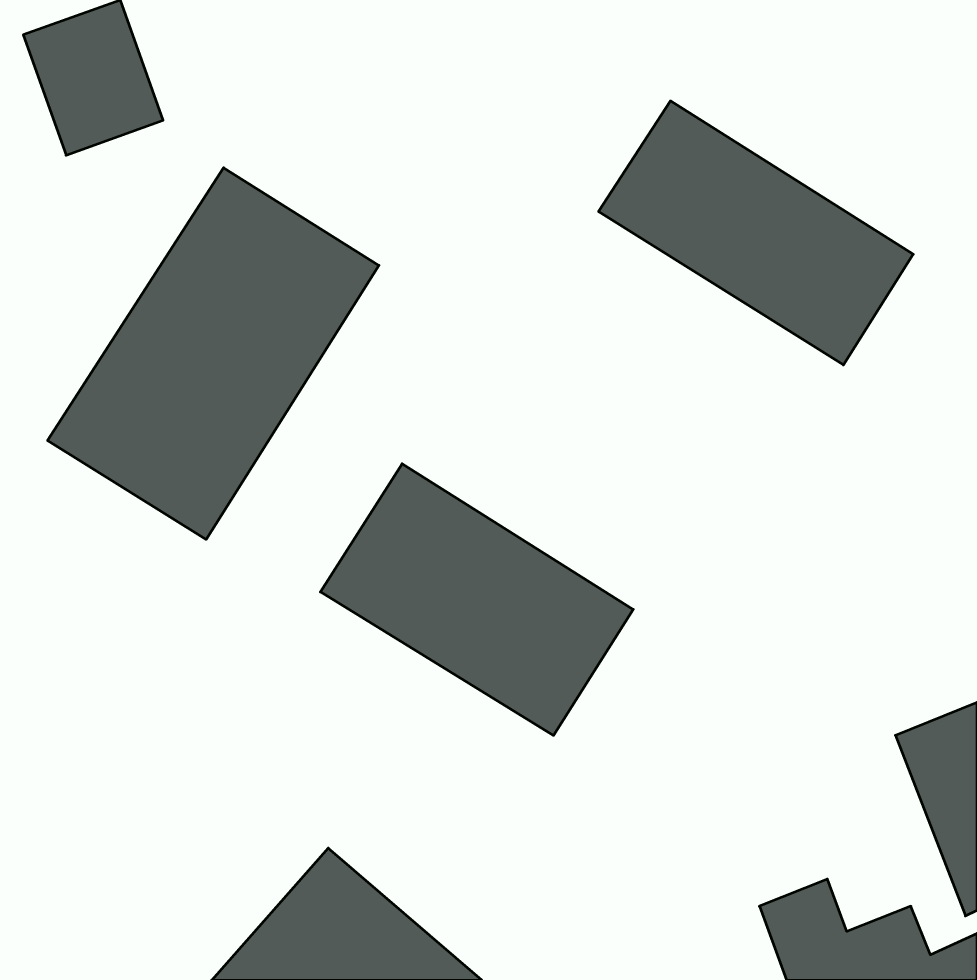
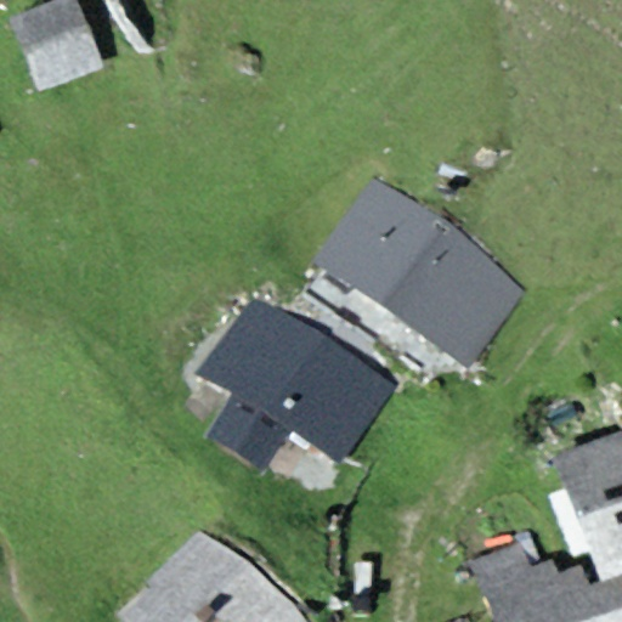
building: [599,101,913,365] -> [322,194,519,360]
building: [48,168,379,539] -> none

